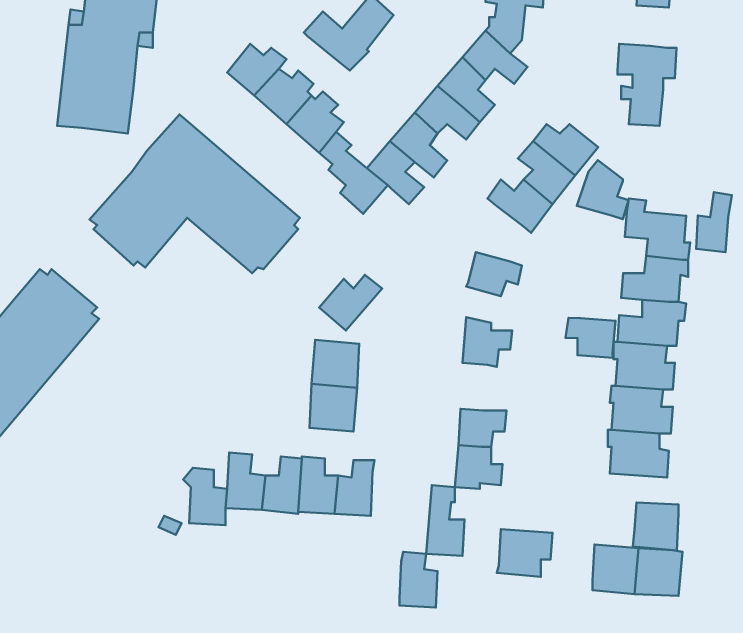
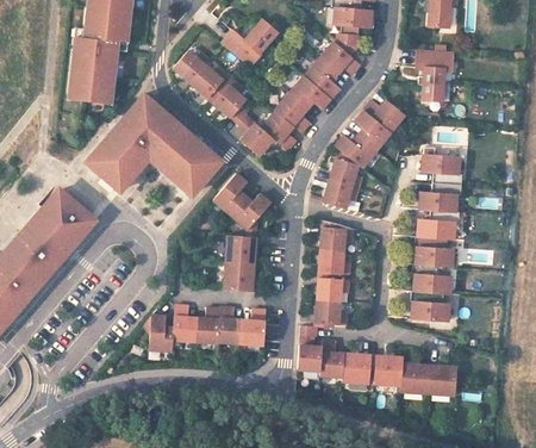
building: [577,160,629,219] -> [329,151,361,188]
building: [696,192,732,252] -> none
building: none -> [213,173,247,214]
building: [566,318,616,358] -> none
building: none -> [319,249,349,279]
building: [633,503,679,550] -> [374,355,403,385]
building: [399,552,438,607] -> [320,341,344,375]

